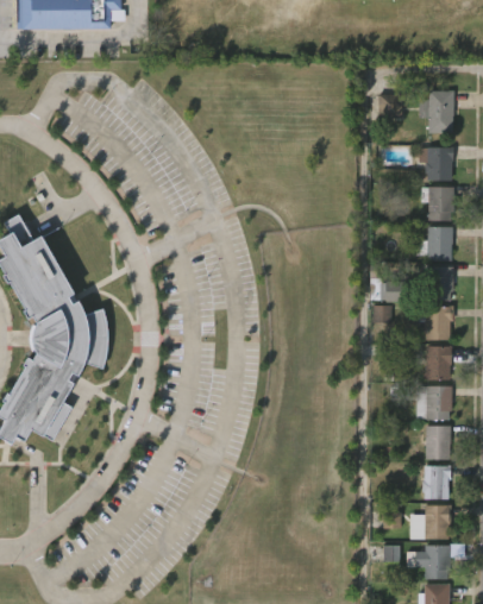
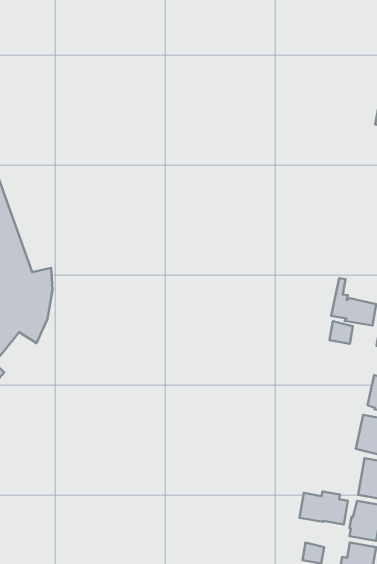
building: none -> [300,491,348,524]

